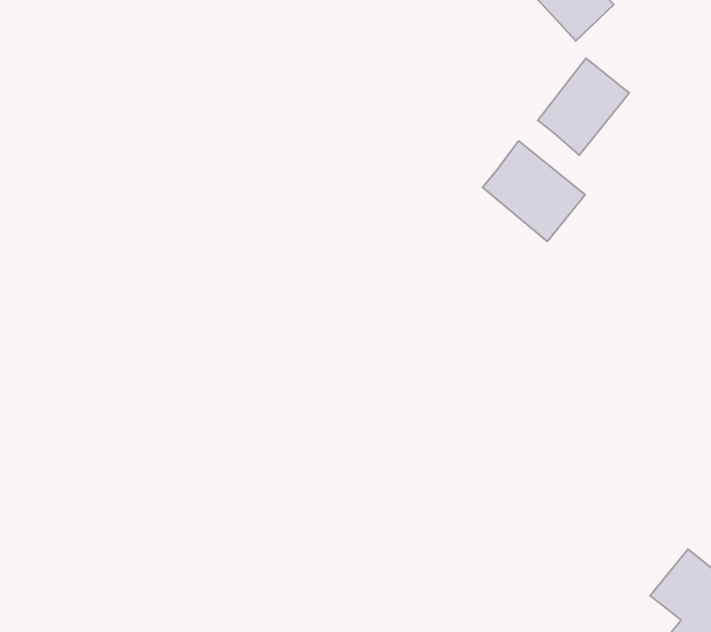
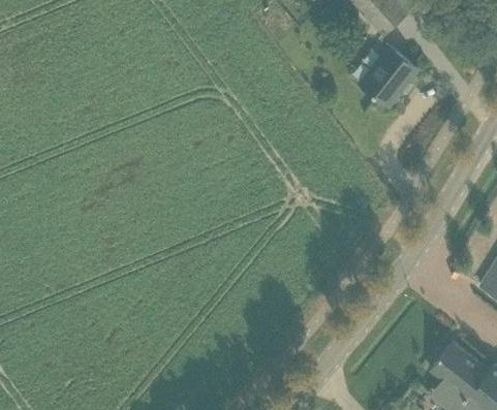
building: [483,141,585,241] -> none

